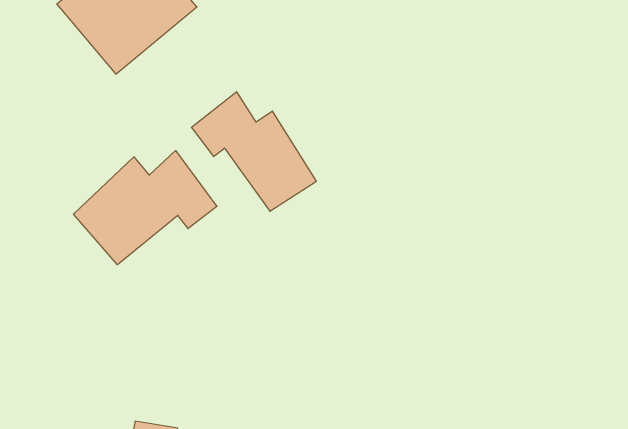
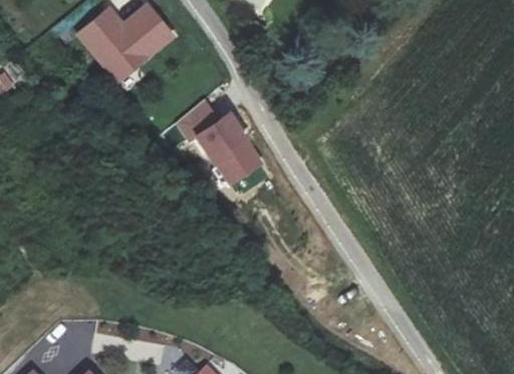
building: [74,151,217,265] -> none

